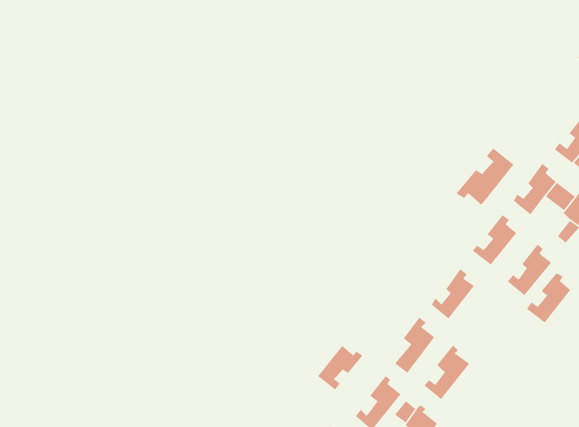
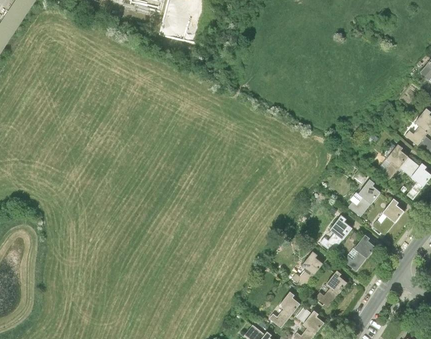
building: [456,147,515,206] -> none
building: [526,272,571,323] -> [343,236,374,271]
building: [317,345,364,390] -> none

